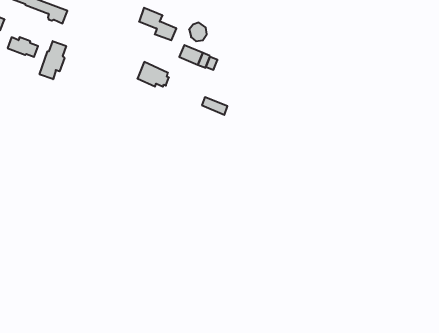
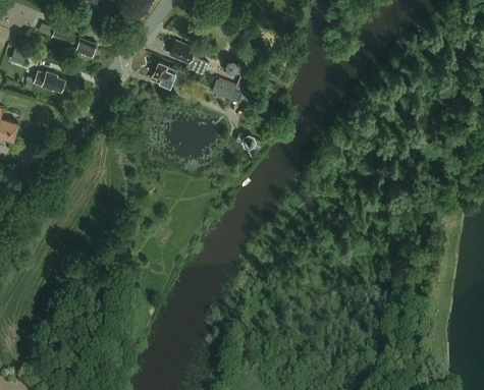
building: [40,41,66,79] -> none
building: [137,62,169,87] -> [150,61,182,87]

